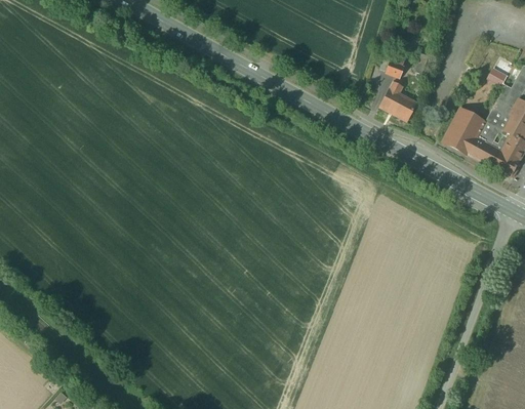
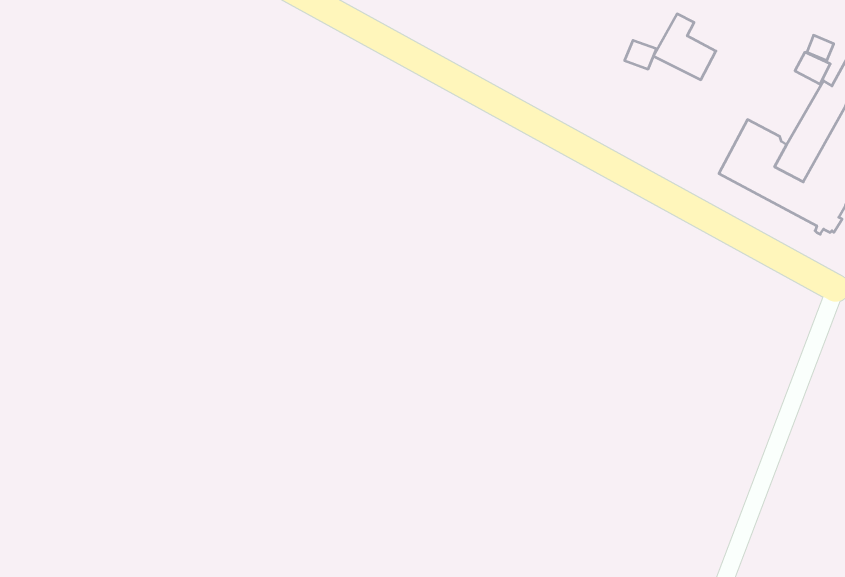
building: [379,80,417,120] -> [654,14,716,80]

